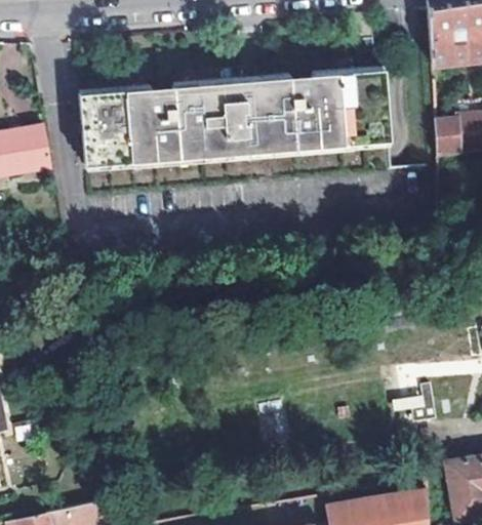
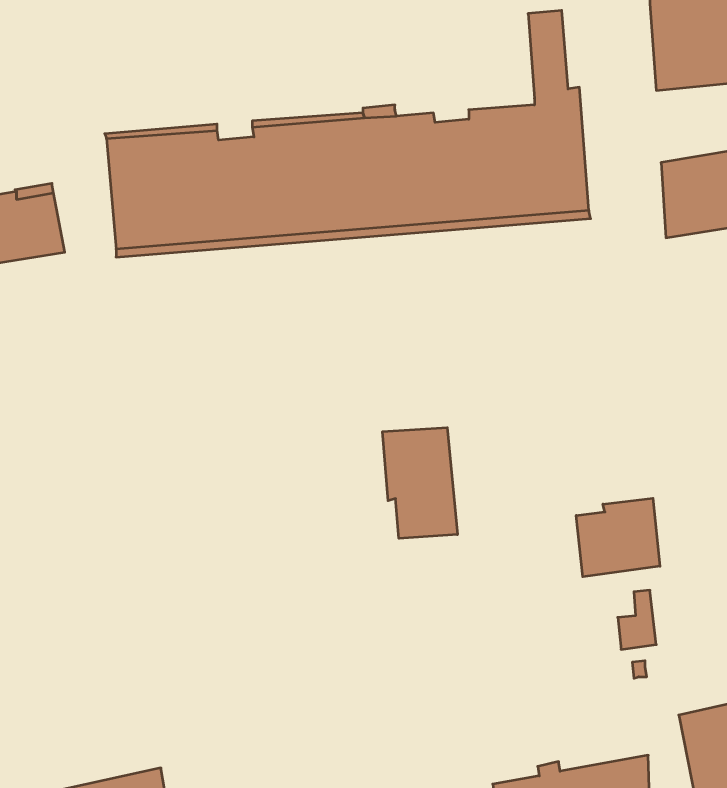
building: none -> [383,428,457,538]
building: none -> [576,498,660,577]

